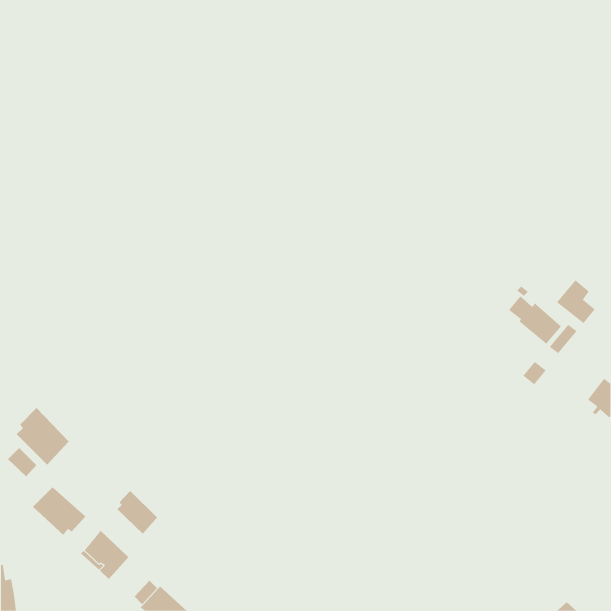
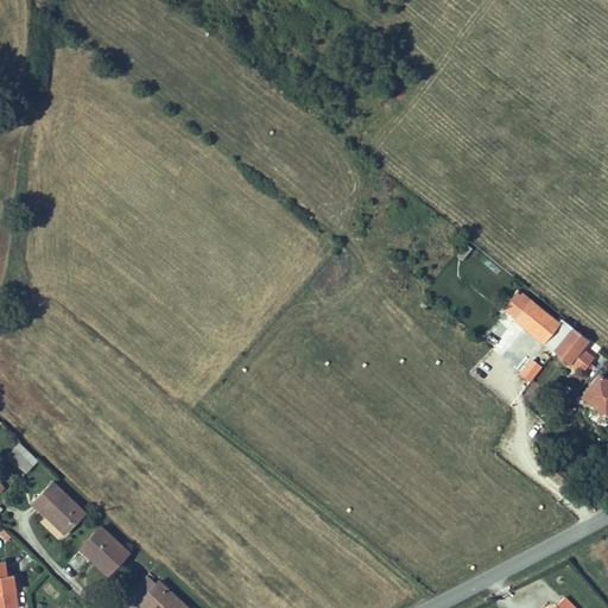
building: [556,279,596,324] -> [555,329,594,373]
building: [16,407,70,466] -> none
building: [117,490,158,534] -> none

